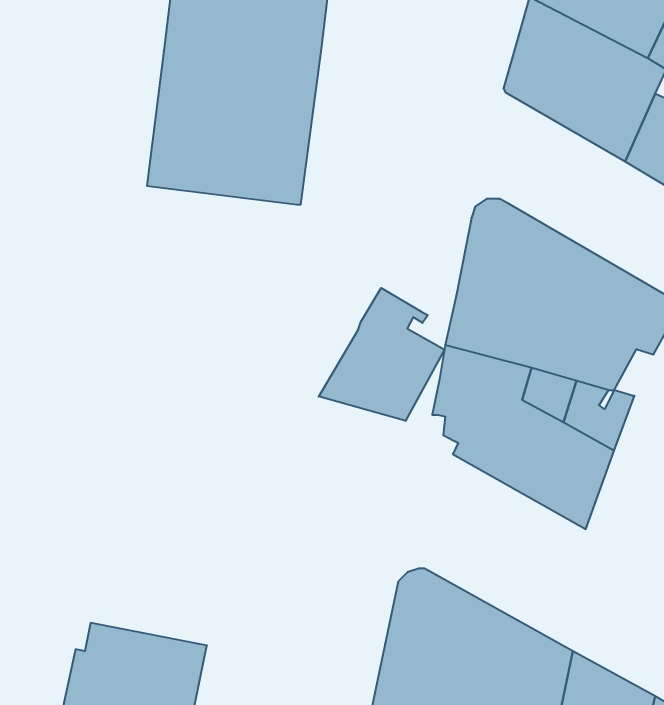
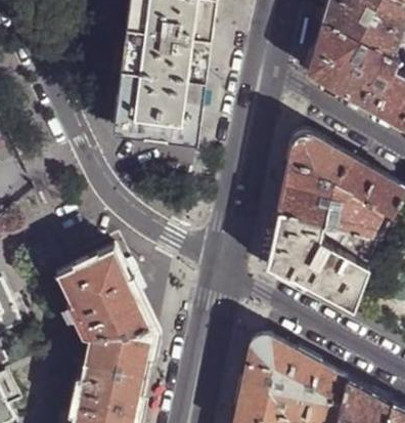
building: [319,288,444,421] -> none
building: none -> [55,247,155,376]

